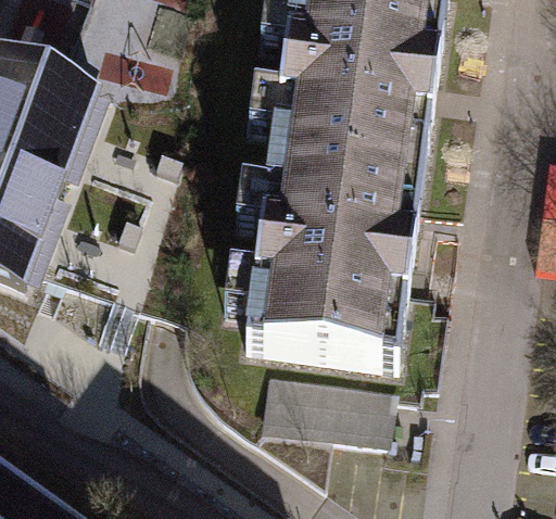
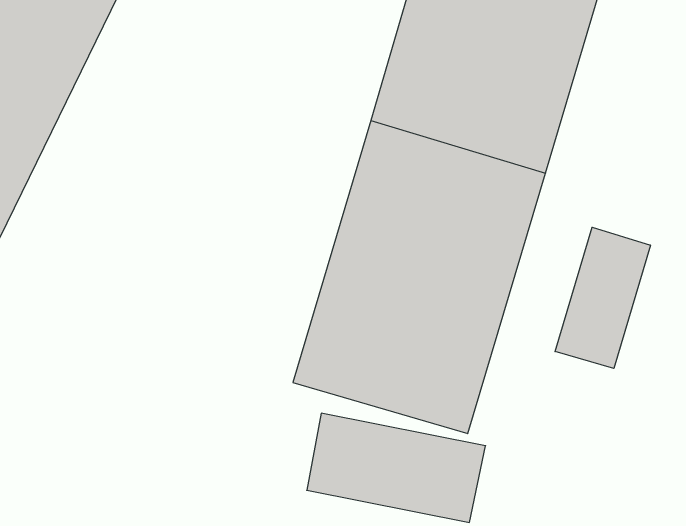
building: none -> [555,227,650,368]

